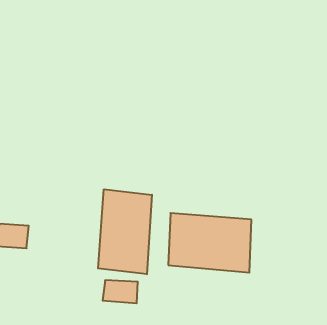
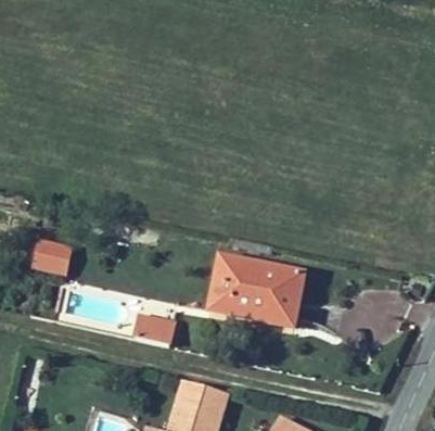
building: [98,189,152,274] -> none

